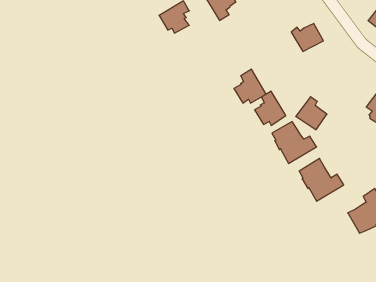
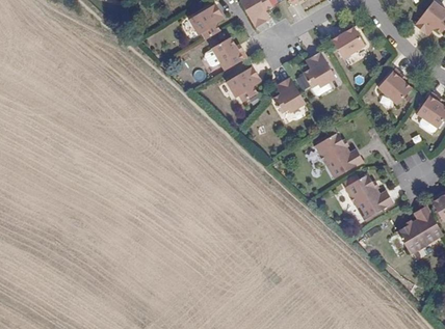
building: none -> [209,36,250,70]
building: none -> [232,65,264,100]
building: [255,91,286,125] -> [304,52,337,88]
building: [296,97,327,130] -> [376,71,410,106]

